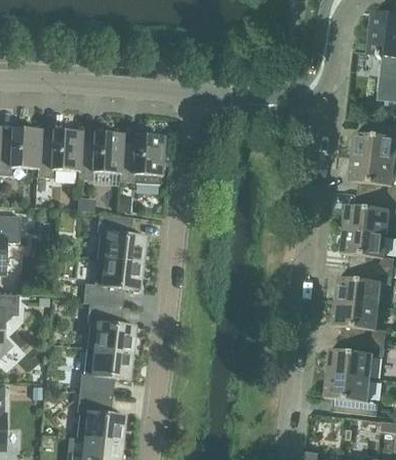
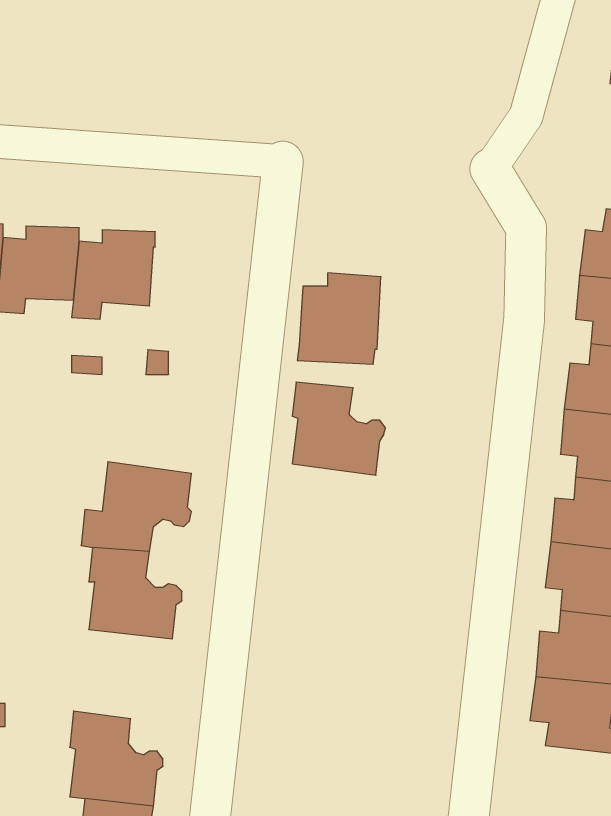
building: [119,134,164,183] -> [297,273,381,364]
building: [97,213,148,263] -> [292,382,385,475]
building: [79,347,132,395] -> none

